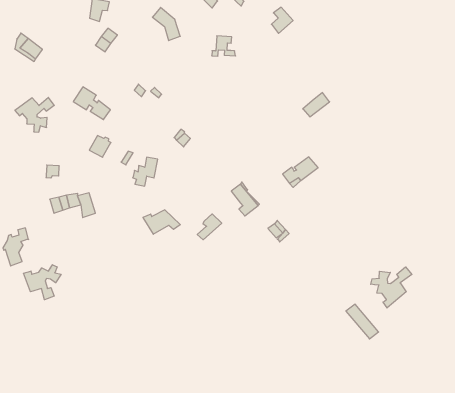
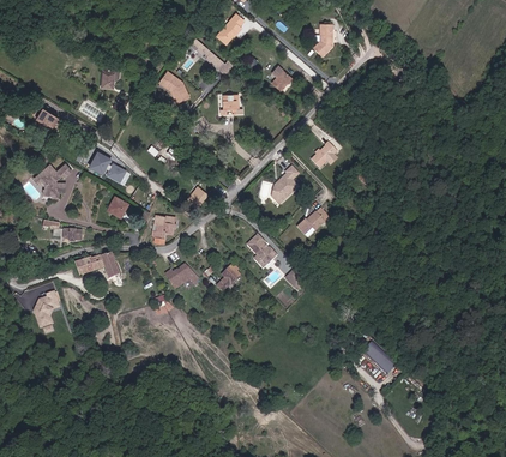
building: none -> [270,166,297,205]
building: [24,265,61,300] -> none
building: [371,267,412,308] -> none

